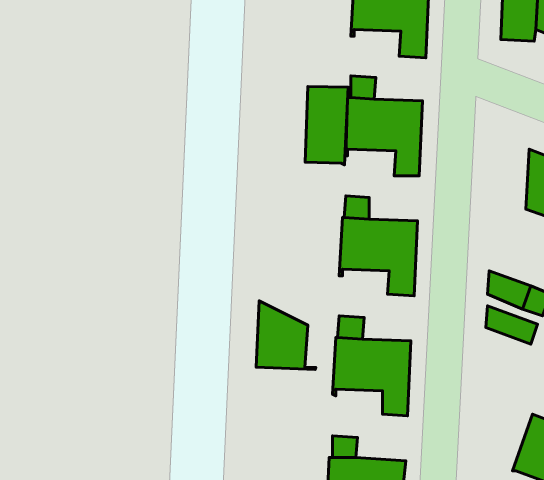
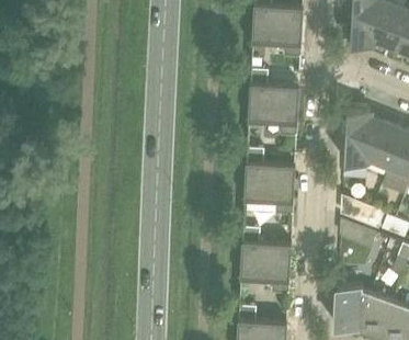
building: [305,86,348,165] -> none
building: none -> [344,107,371,163]
building: [256,301,316,369] -> none
building: none -> [336,285,372,329]

